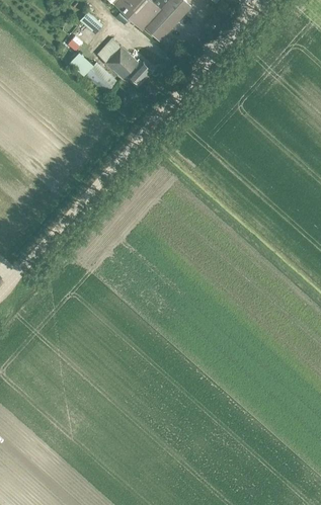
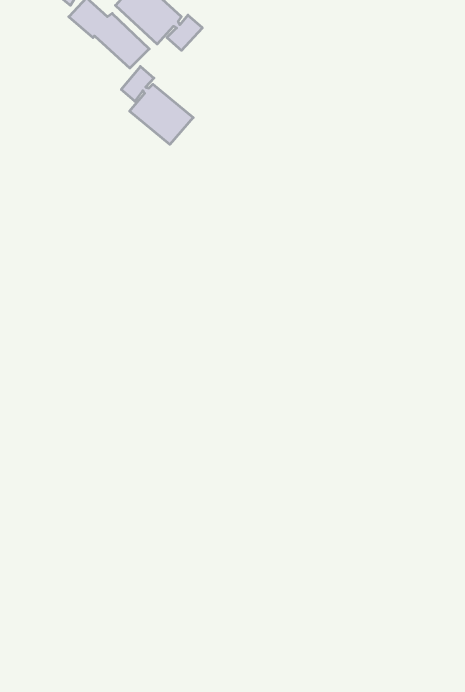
building: none -> [121,66,193,144]

